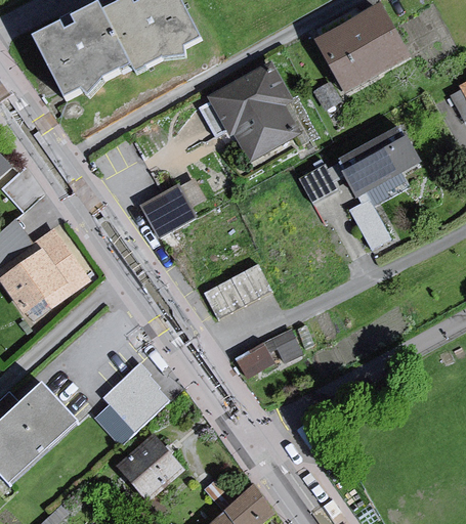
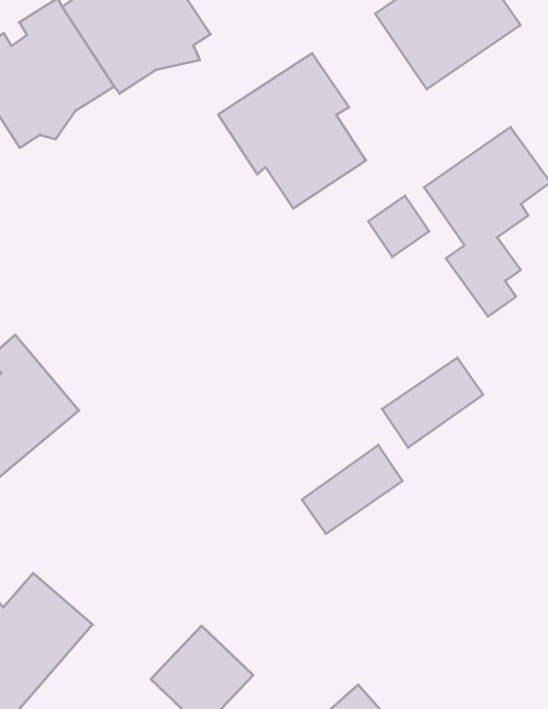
building: [137,175,203,234] -> none
building: [202,260,270,316] -> [382,358,483,448]
building: [90,363,169,446] -> none

